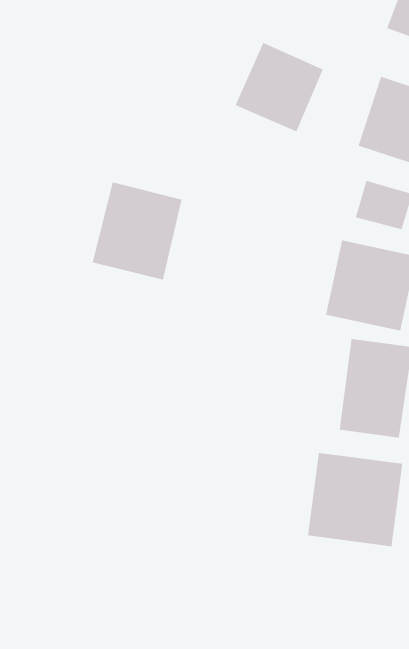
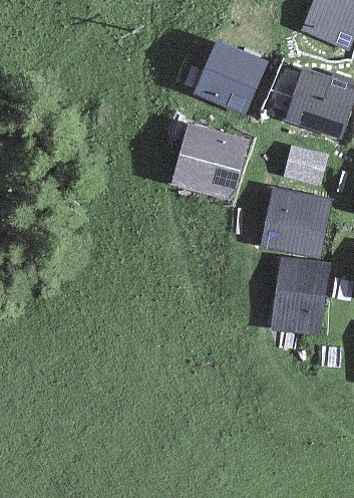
building: [92,182,182,280] -> [183,122,250,196]
building: [307,452,403,547] -> none

